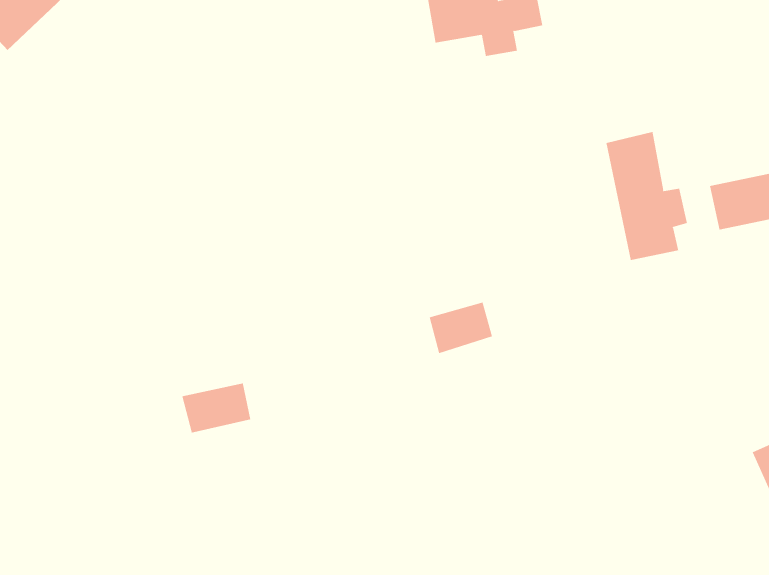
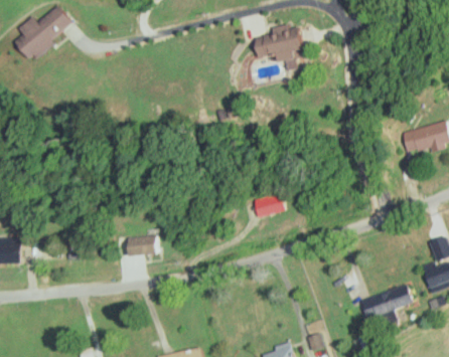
building: [606,131,688,261] -> none
building: none -> [361,285,416,321]

